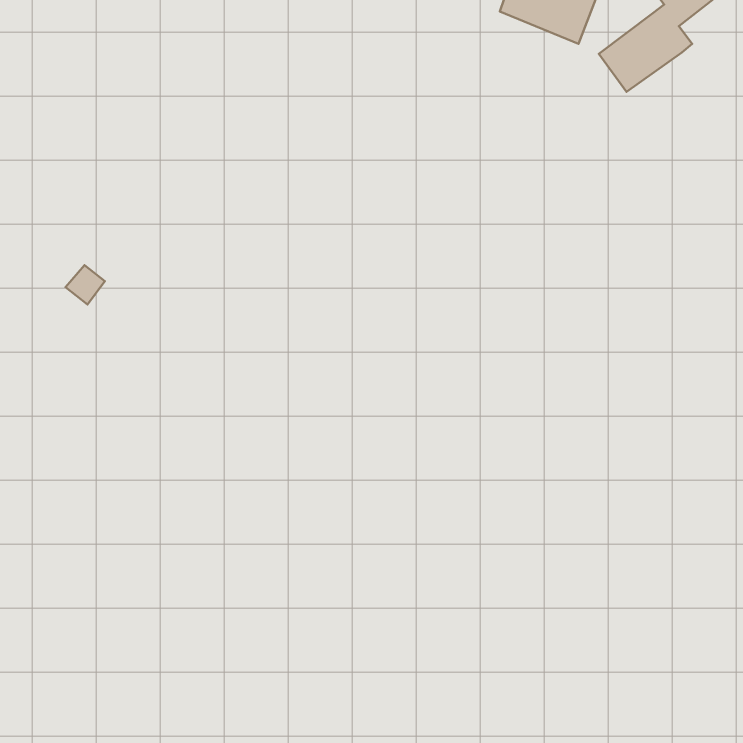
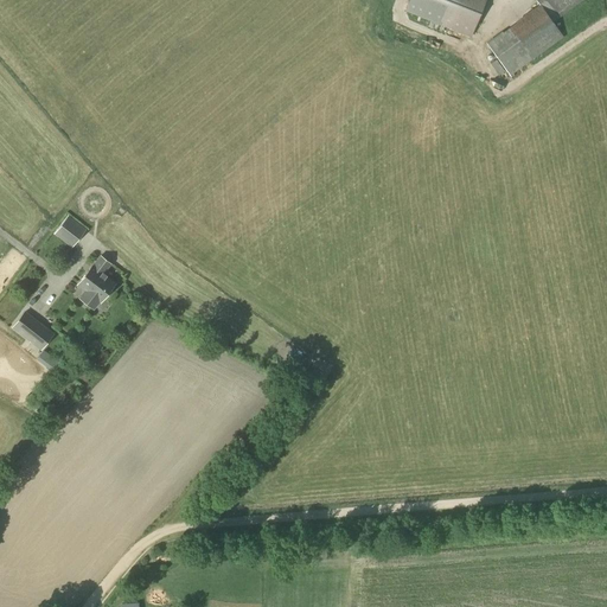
building: none -> [78,255,116,309]
building: none -> [12,309,55,350]

